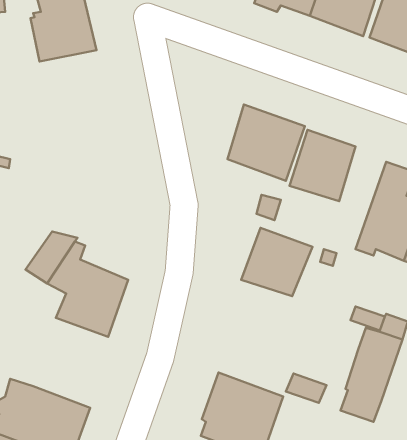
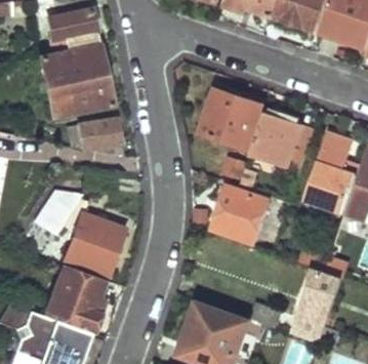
building: none -> [36,43,110,115]
building: none -> [78,117,119,149]
building: none -> [44,266,111,332]

